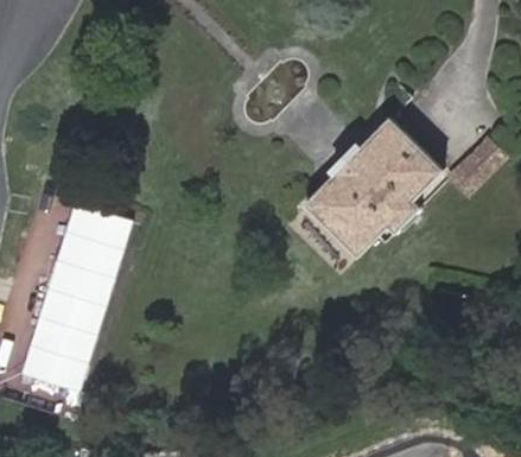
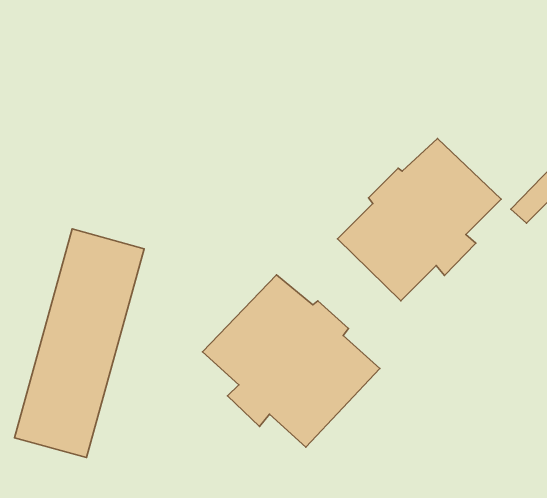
building: none -> [203,275,380,447]

